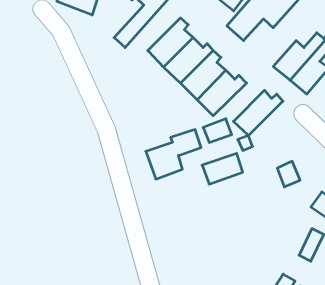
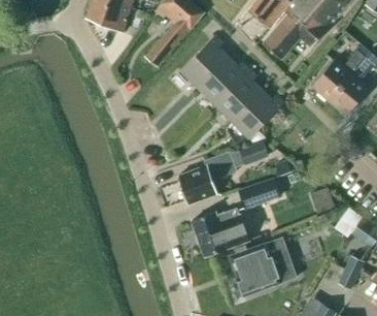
building: [233,90,283,136] -> none
building: none -> [192,207,249,256]
building: none -> [229,236,296,295]

